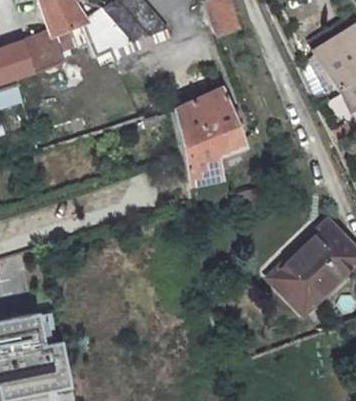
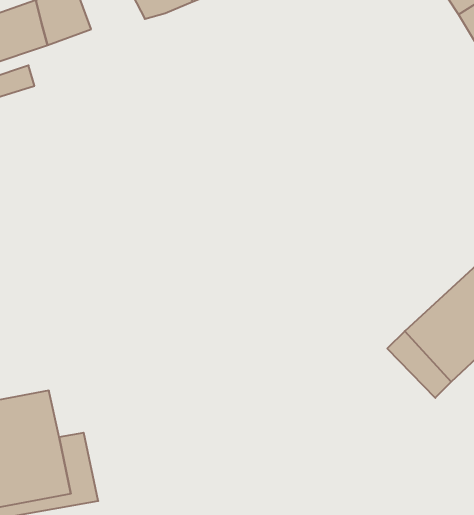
building: [174,88,246,186] -> none

